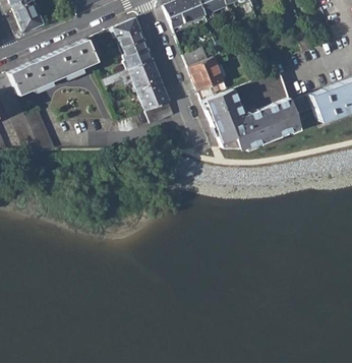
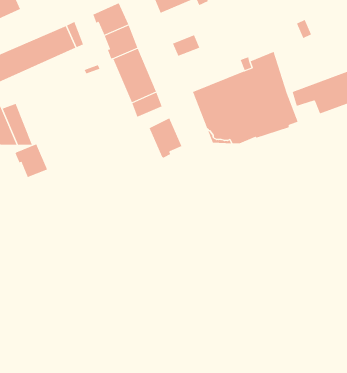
building: [189,58,224,90] -> none
building: none -> [149,117,182,159]
building: none -> [15,144,48,178]

